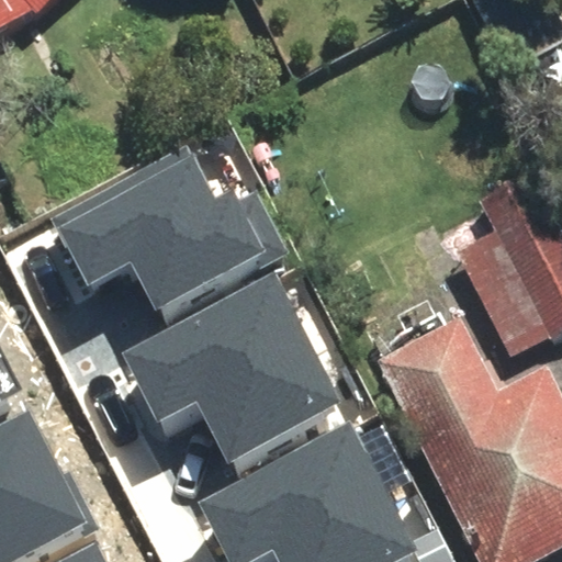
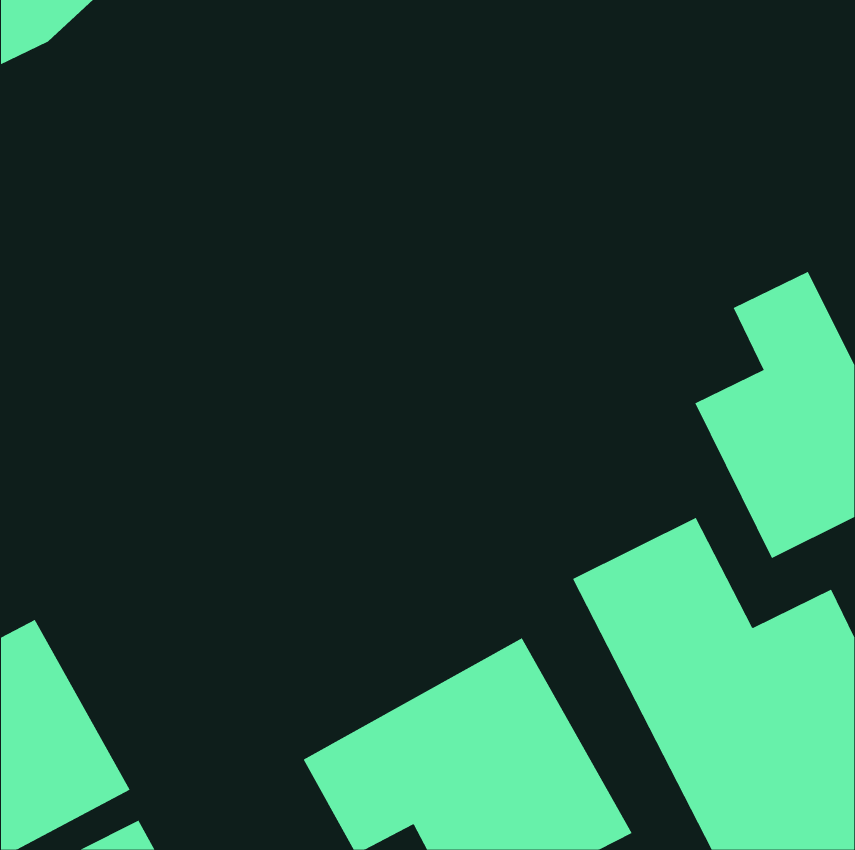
building: [55,144,284,314] -> none
building: [127,272,344,461] -> none

